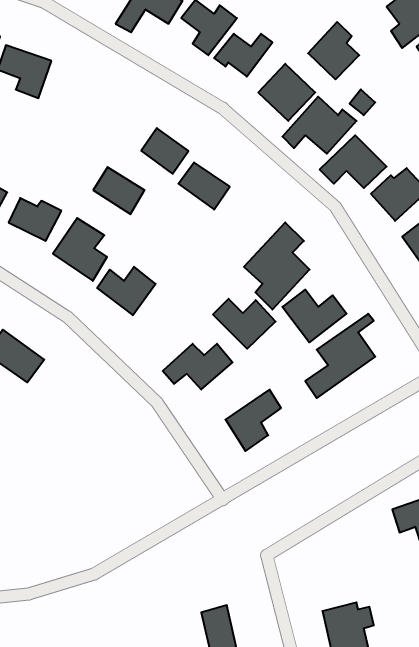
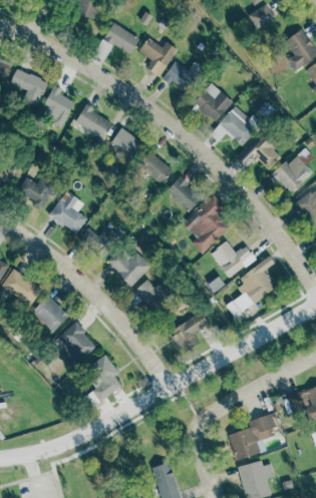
building: [308,22,359,79] -> none
building: none -> [40,85,73,126]
building: [93,167,145,214] -> [75,105,111,138]
building: none -> [166,176,202,211]
building: [213,299,276,349] -> [106,251,150,286]
building: none -> [32,296,68,332]
building: none -> [52,320,95,366]
building: none -> [83,355,120,406]
building: none -> [228,413,279,460]

